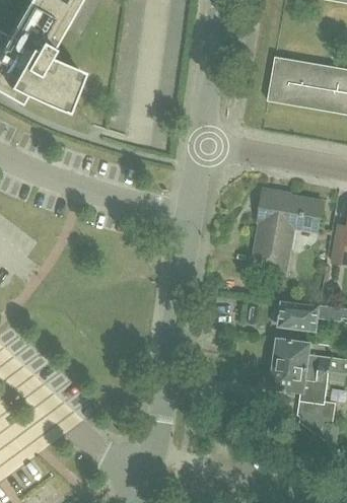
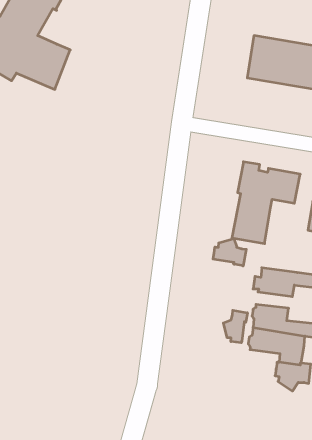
building: none -> [213,239,246,266]
building: none -> [223,310,247,343]

